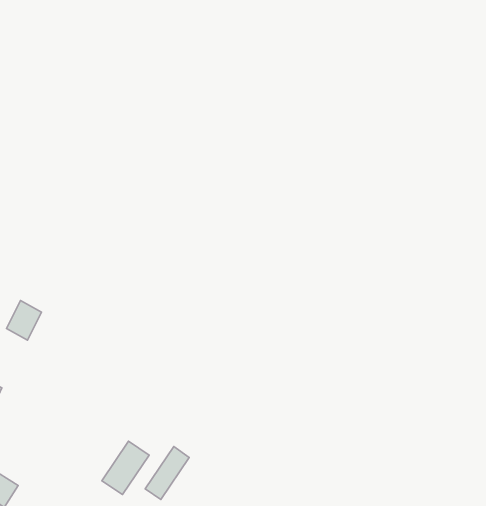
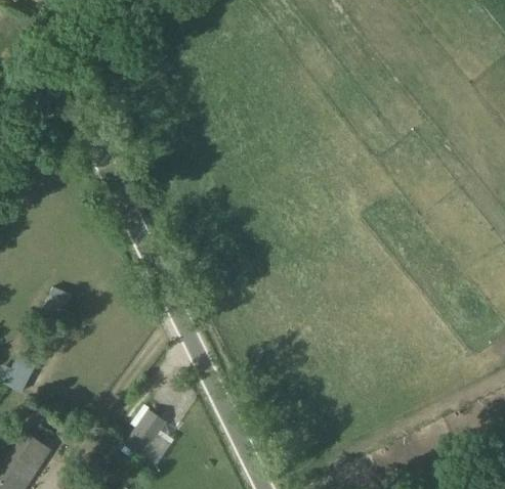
building: [145,447,189,500] -> none

